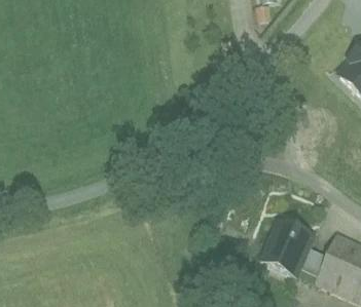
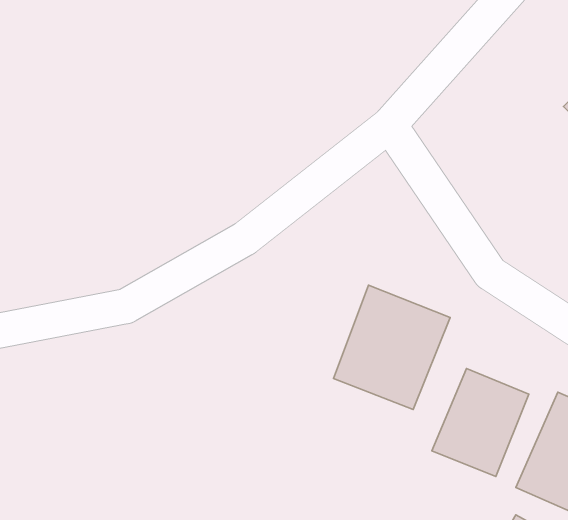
building: none -> [334,285,450,410]

